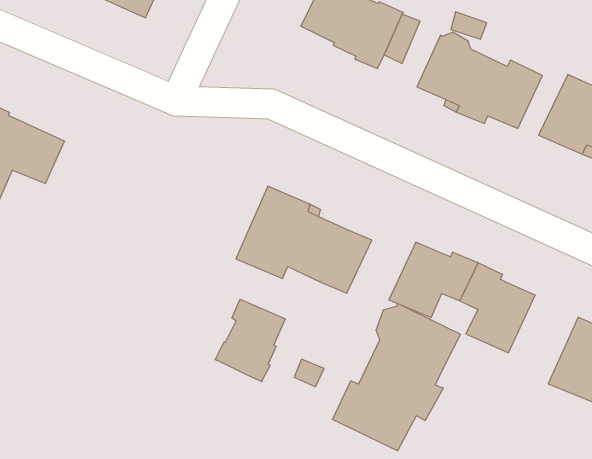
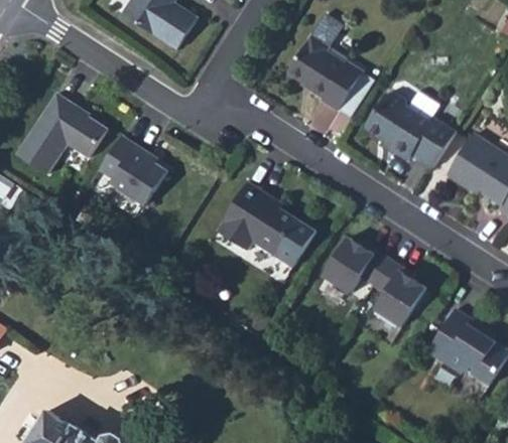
building: none -> [99,135,167,205]
building: [215,299,285,382] -> none
building: [333,304,460,451] -> none

